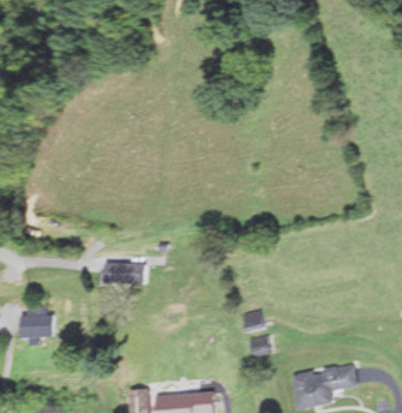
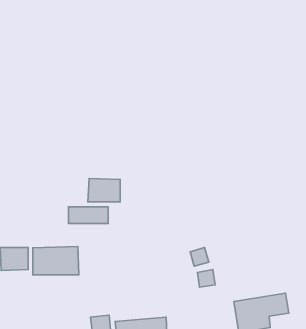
building: none -> [88,178,120,202]
building: none -> [33,247,79,275]

